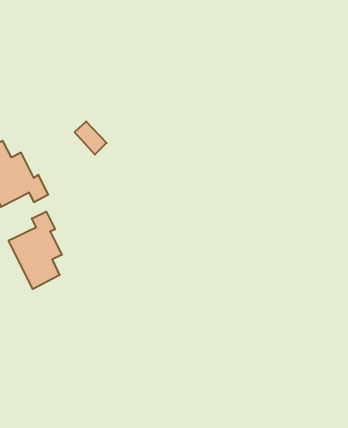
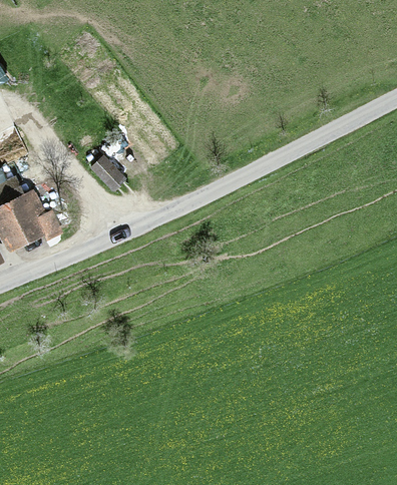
building: [9,212,62,289] -> none

